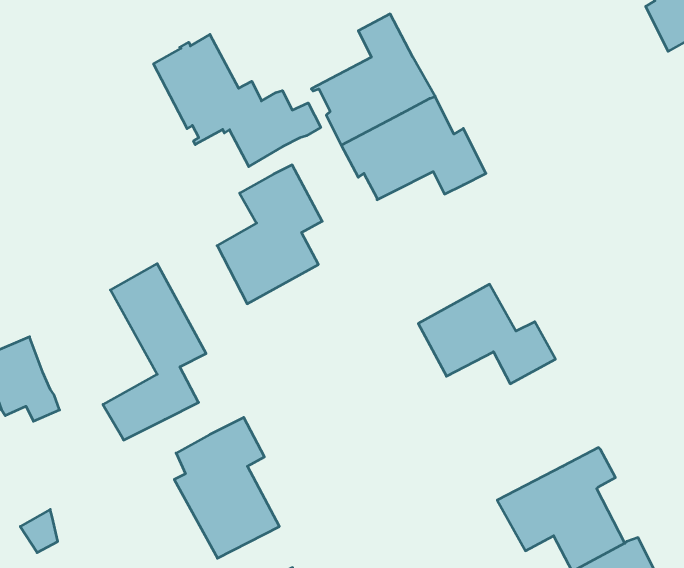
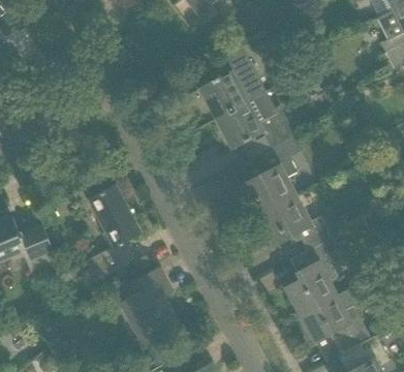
building: [154,34,321,167] -> none
building: [217,165,322,304] -> [241,140,299,216]
building: none -> [286,236,340,313]

